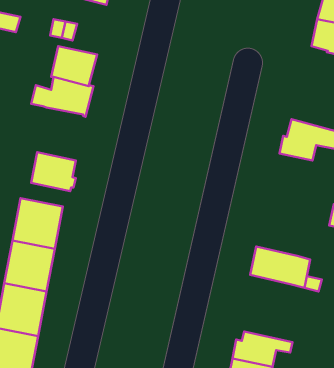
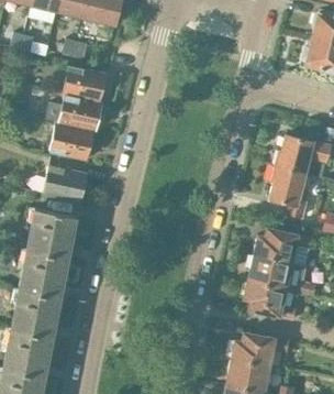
building: none -> [51,121,93,157]
building: none -> [271,165,310,216]
building: none -> [255,227,313,261]
building: none -> [245,278,297,318]

